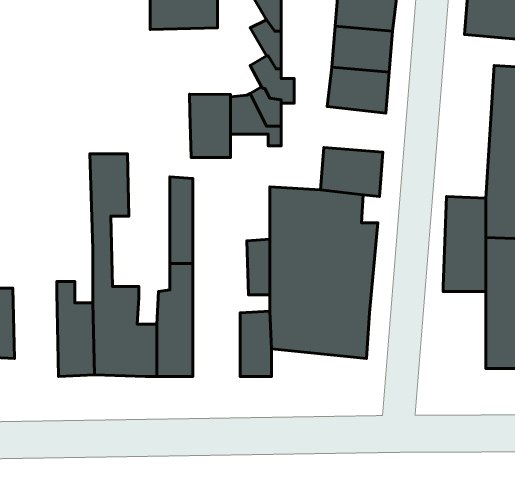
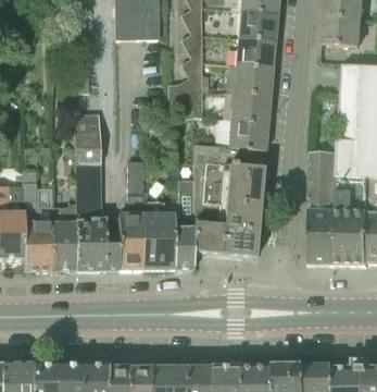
building: [190,94,230,158] -> none
building: none -> [229,88,271,119]
building: none -> [23,167,53,268]
building: none -> [142,199,174,268]
building: none -> [309,211,337,262]

